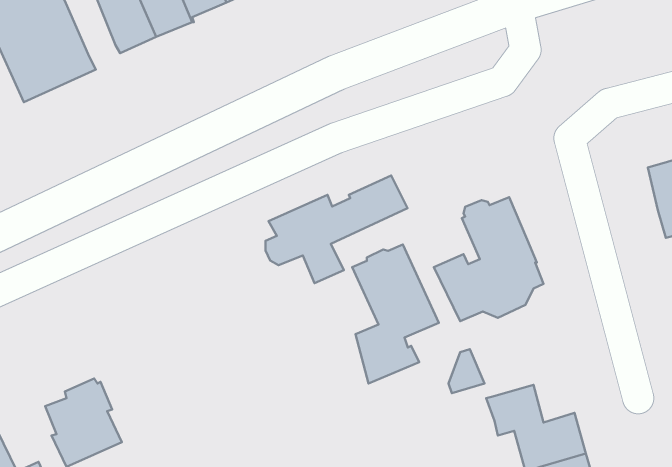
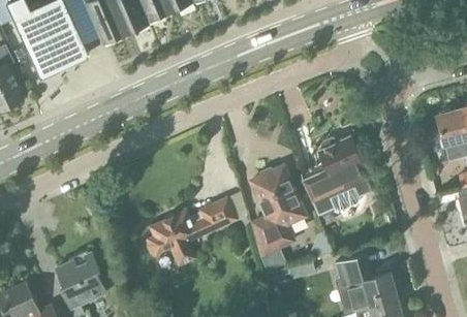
building: [265,175,407,283] -> [147,197,237,265]

